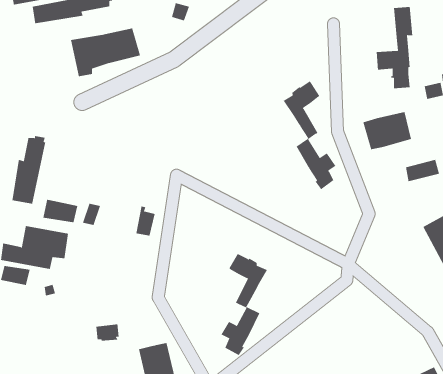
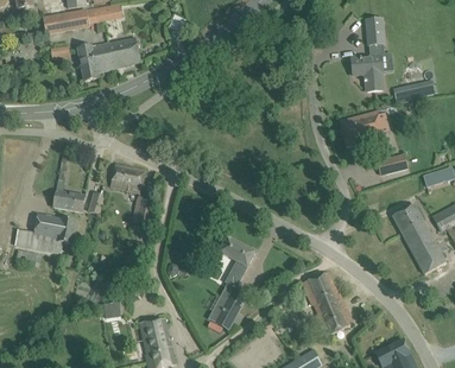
building: [283,79,336,190] -> none
building: [12,135,46,204] -> none
building: none -> [109,164,145,192]
building: none -> [301,272,353,337]

